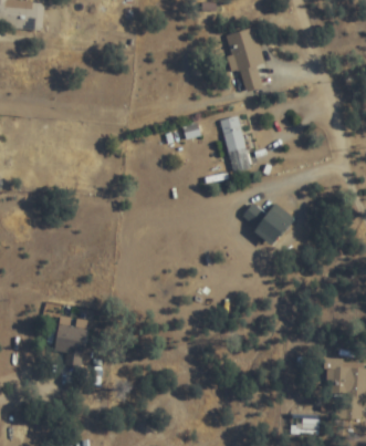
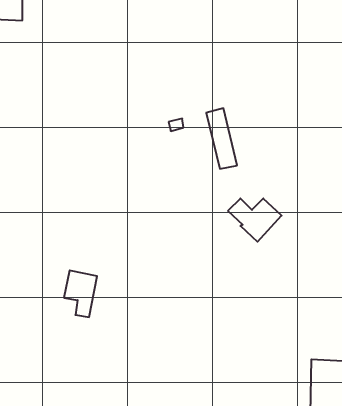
building: [227,27,264,92] -> none
building: [54,323,86,369] -> [64,270,97,317]

